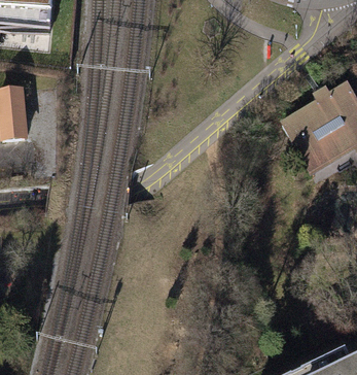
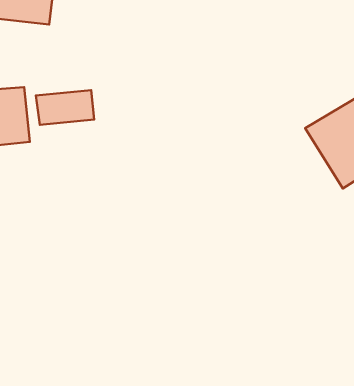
building: none -> [36,90,94,125]

